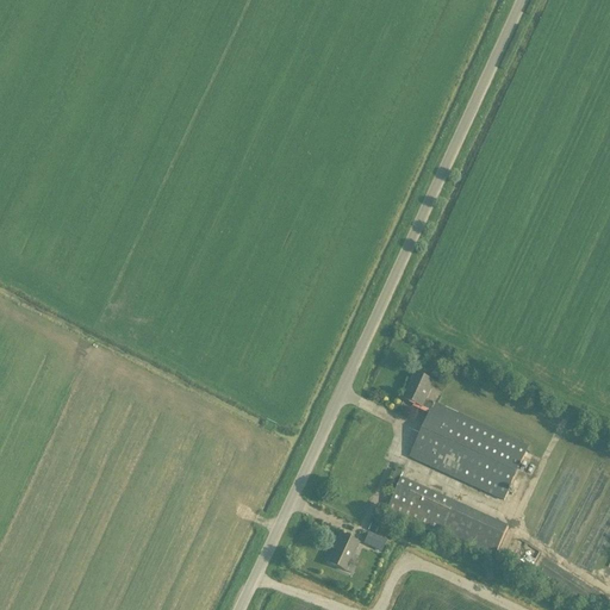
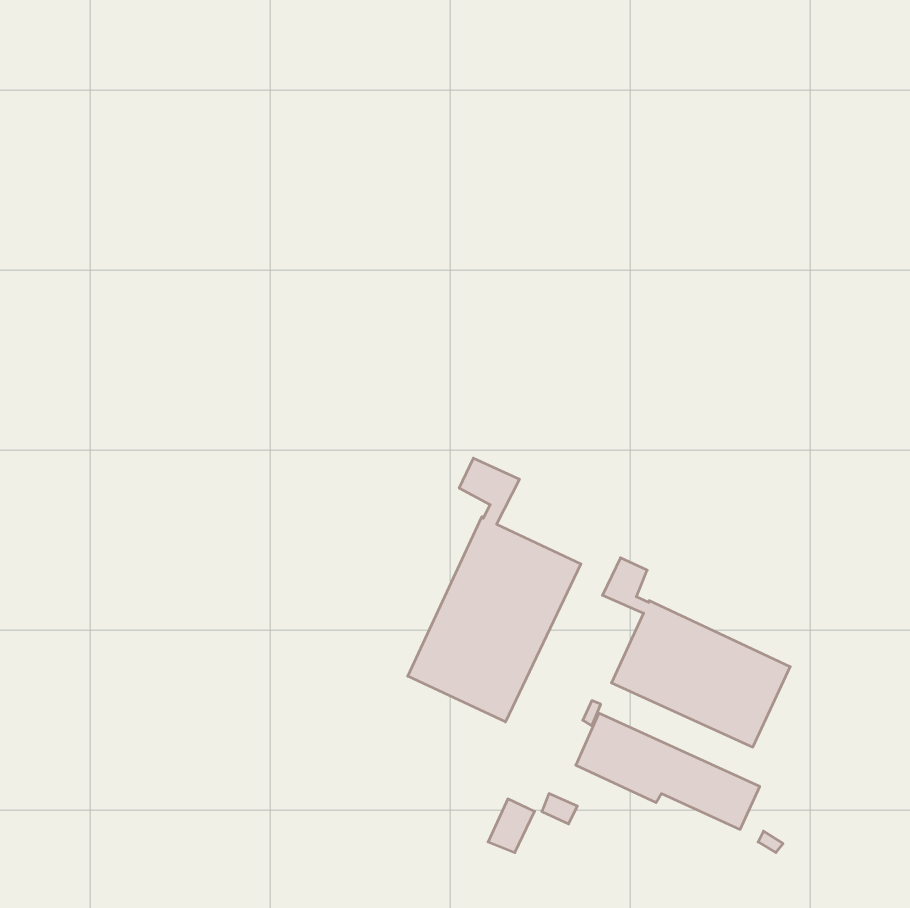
building: none -> [408,458,581,722]

